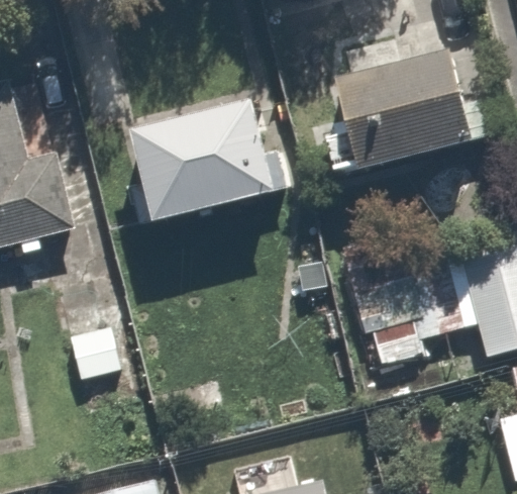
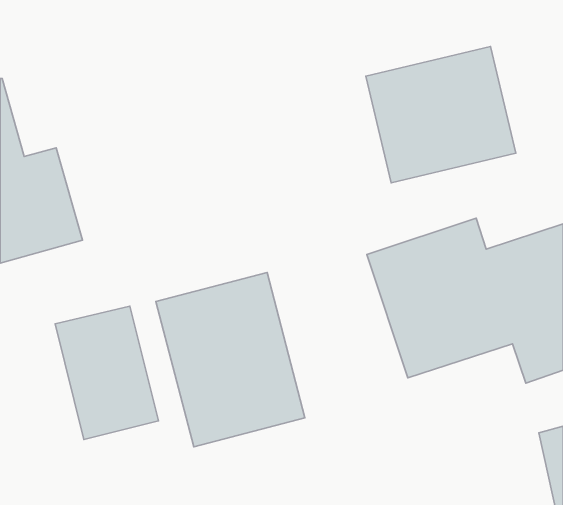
building: [126,94,281,227] -> none
building: none -> [156,272,305,447]

